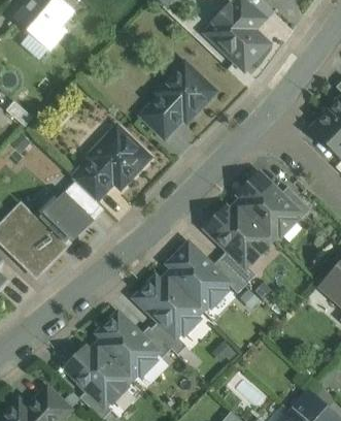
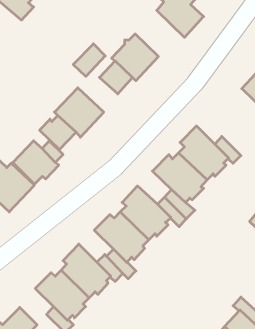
building: none -> [73,44,105,76]

